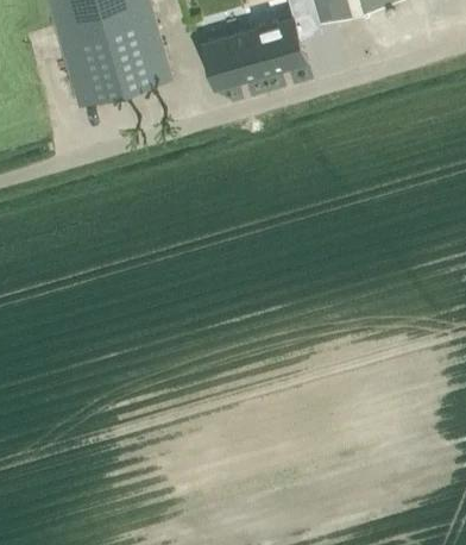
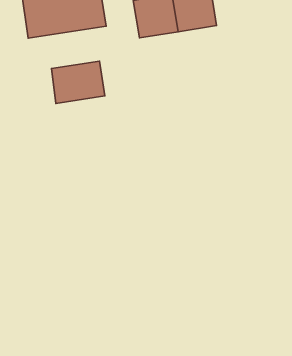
building: none -> [52,61,105,104]

